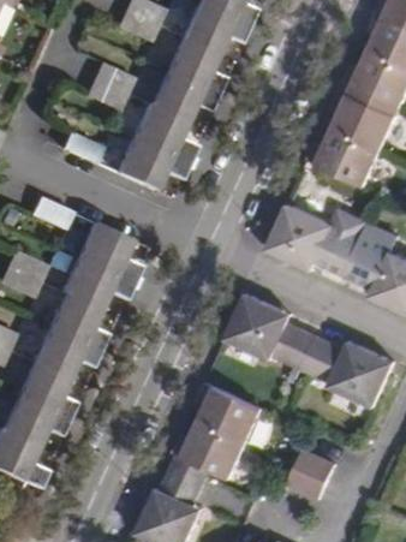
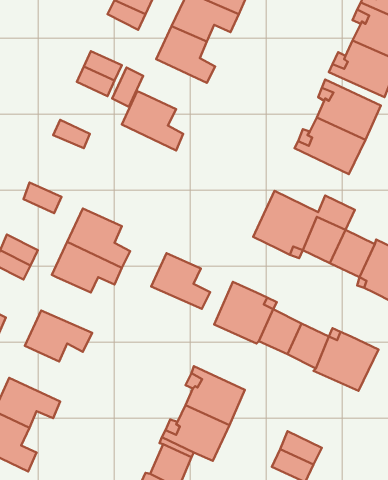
building: [153,70,220,120] -> none
building: [117,136,189,189] -> none
building: [52,291,112,347] -> [151,253,210,309]
building: [19,361,79,417] -> none

